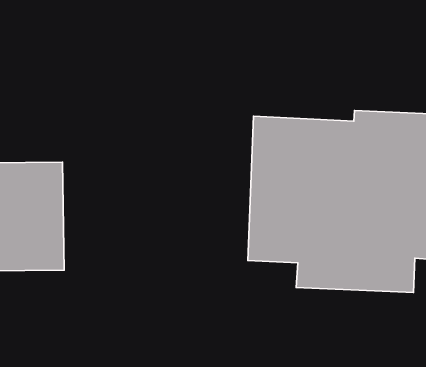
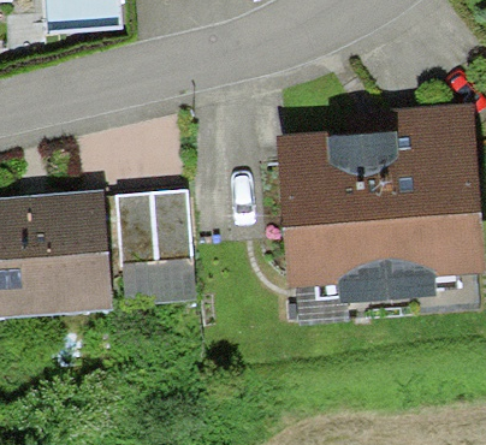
building: none -> [121,206,197,280]

